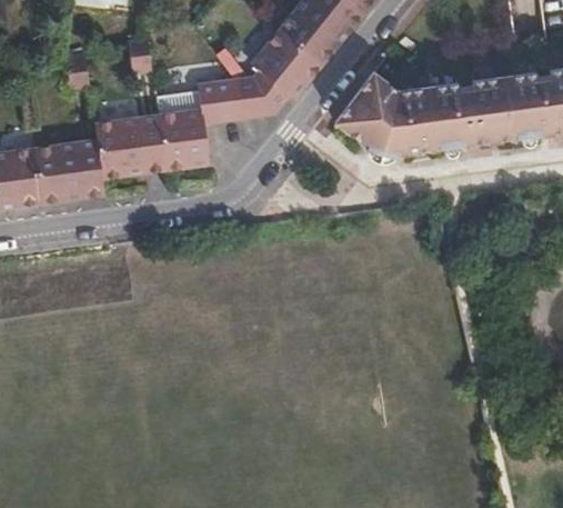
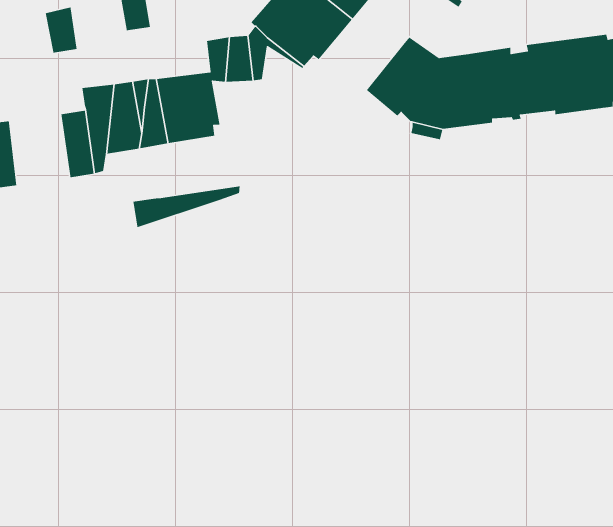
building: [32,142,83,203] -> none
building: none -> [133,185,241,228]

